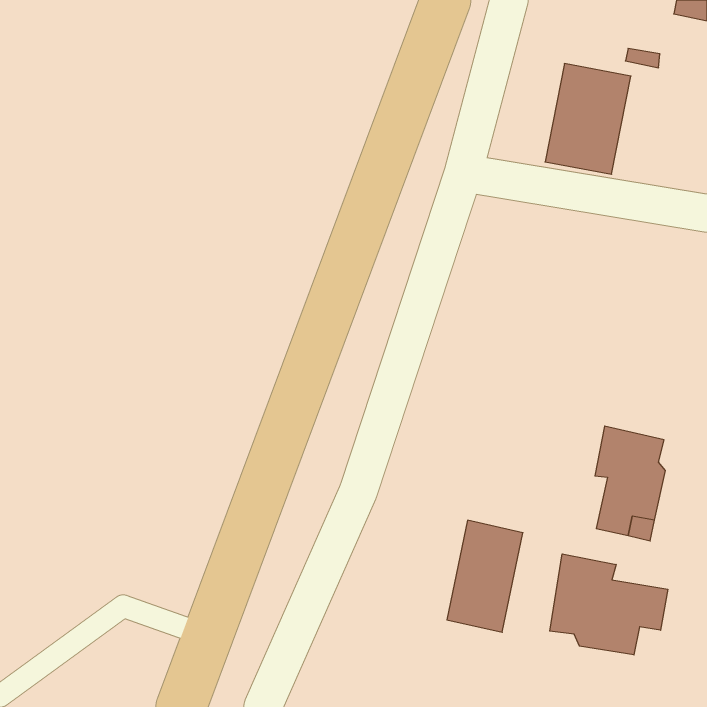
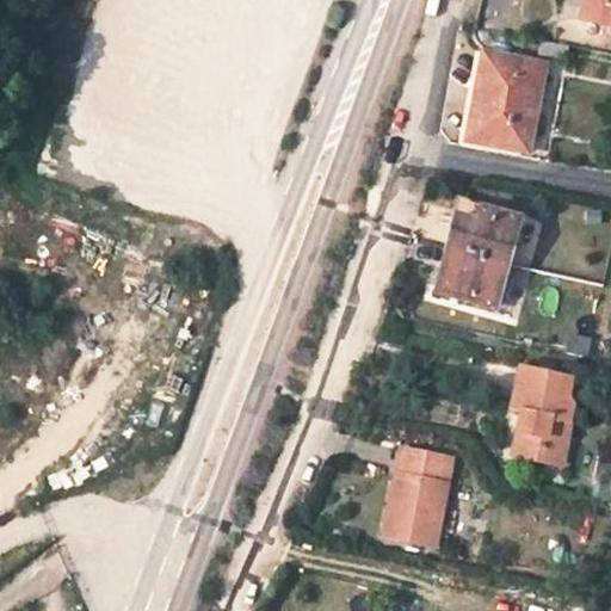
building: none -> [439,204,520,307]
building: [550,554,668,655] -> none

